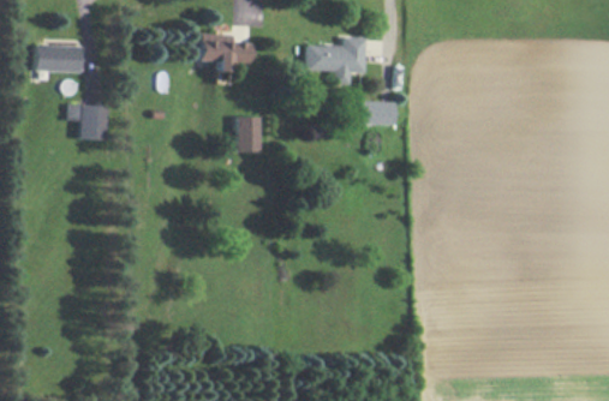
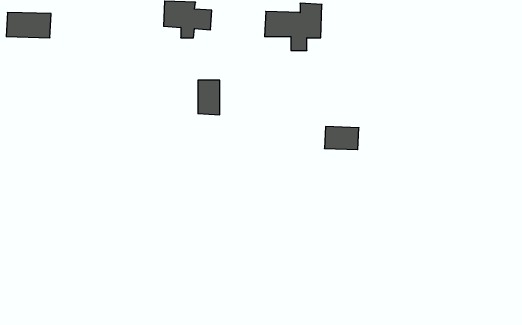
building: [360,101,396,125] -> [324,127,359,150]
building: [70,104,108,140] -> none

